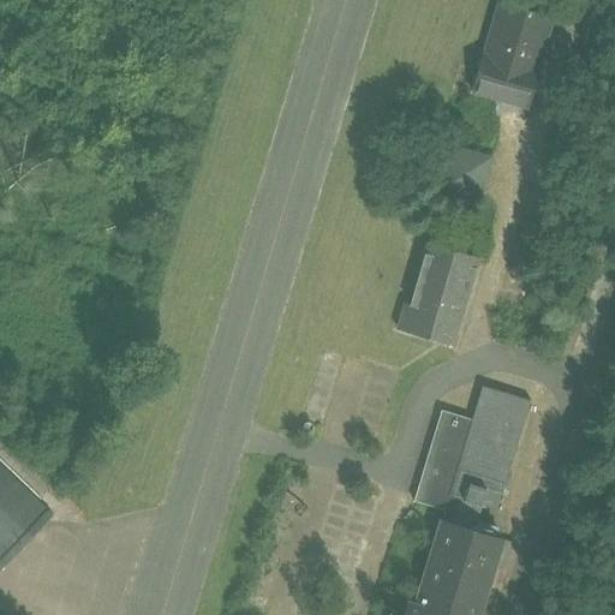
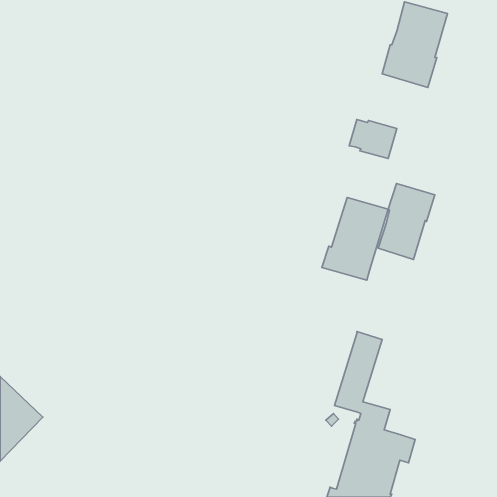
building: none -> [378,183,435,260]
building: [448,386,531,510] -> none

